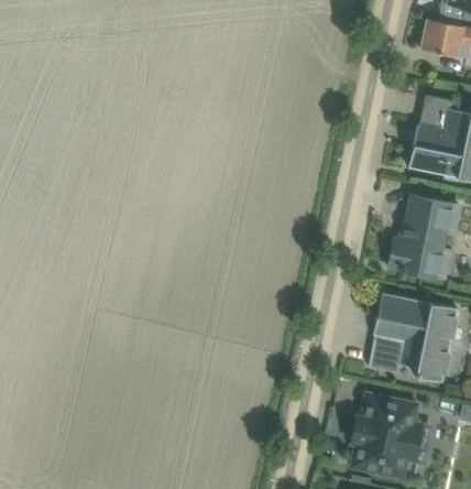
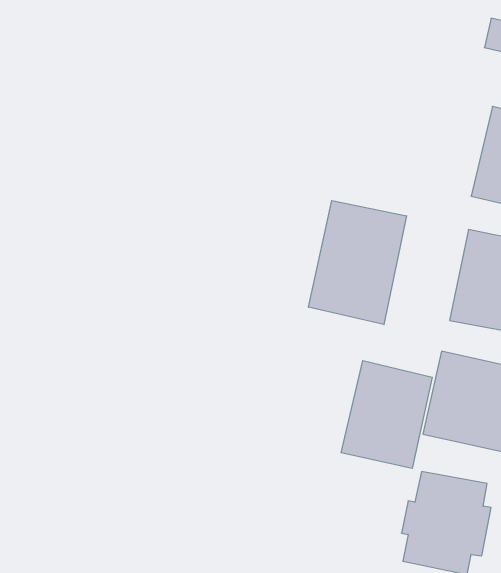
building: none -> [309,201,406,325]
building: none -> [341,361,432,468]

